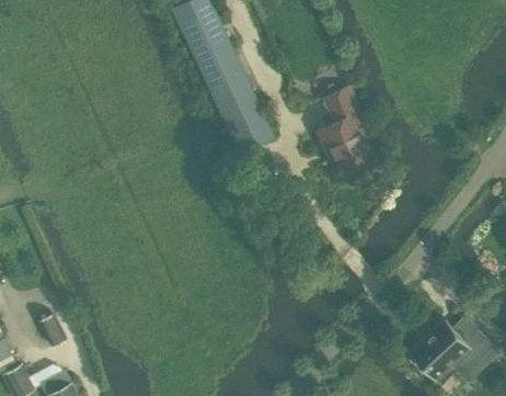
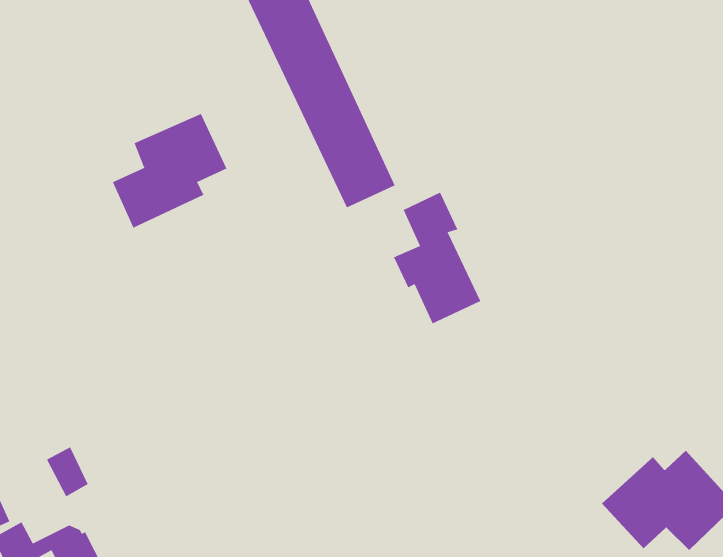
building: [315,84,375,173] -> [393,192,481,324]
building: none -> [112,113,227,228]

